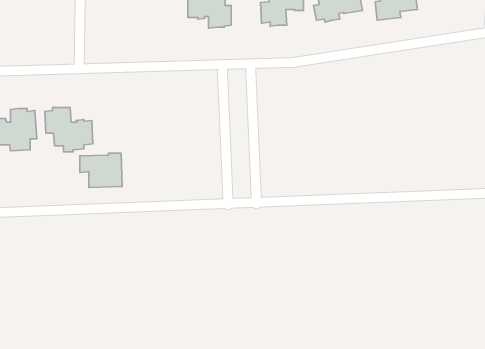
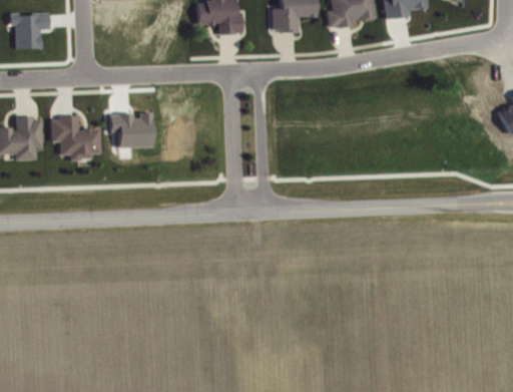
building: none -> [13,19,53,55]
building: [80,153,122,187] -> [114,118,157,153]

